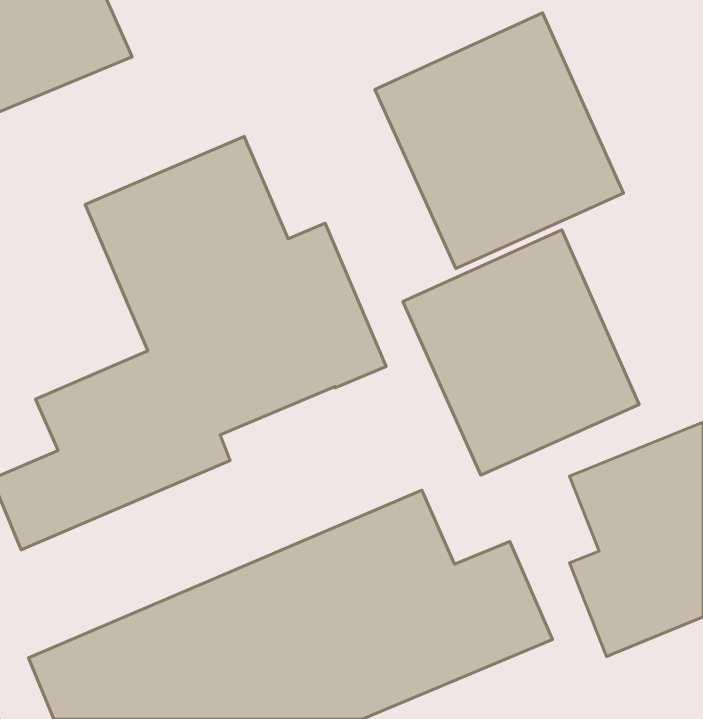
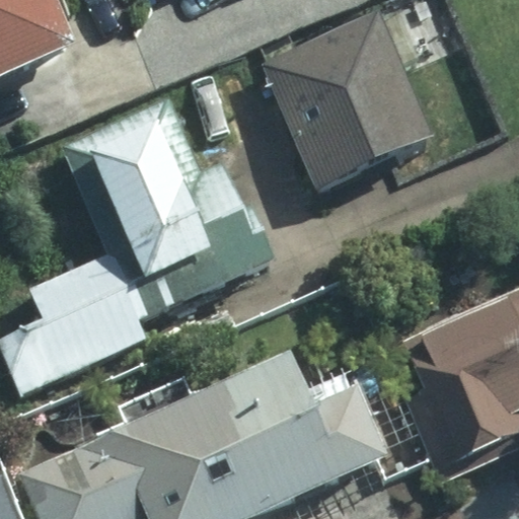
building: [403,230,639,475] -> none

